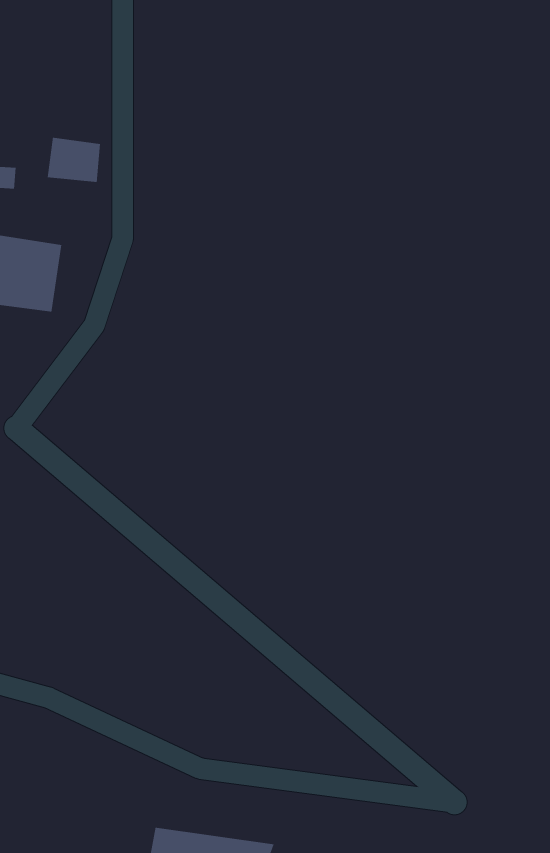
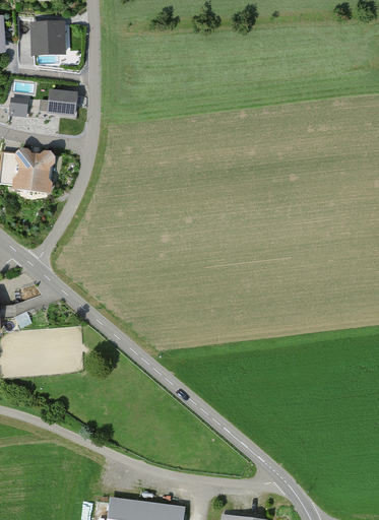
building: none -> [31,21,64,56]

